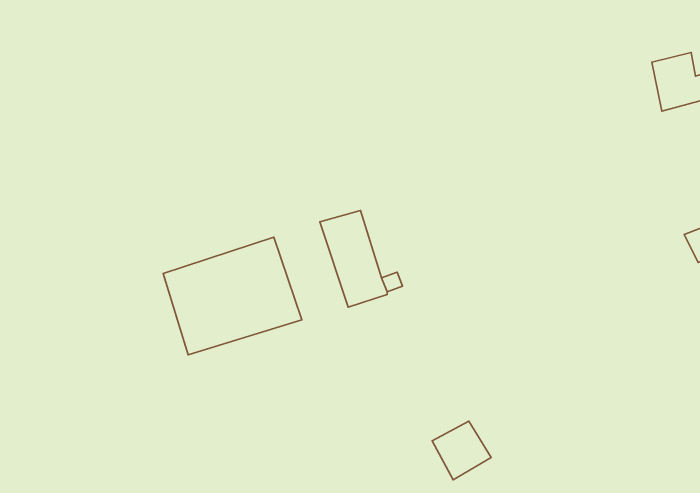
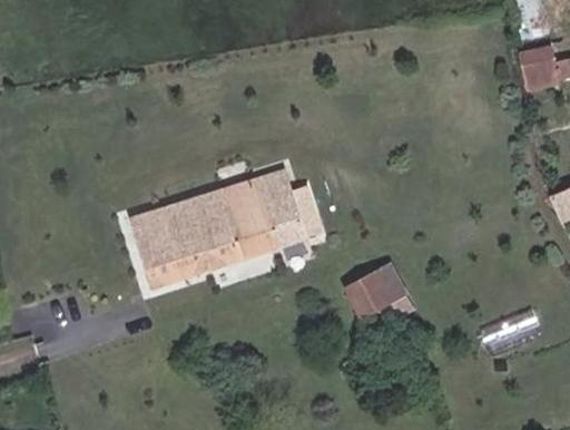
building: none -> [219,179,278,257]
building: [432,421,491,480] -> [346,272,393,319]

